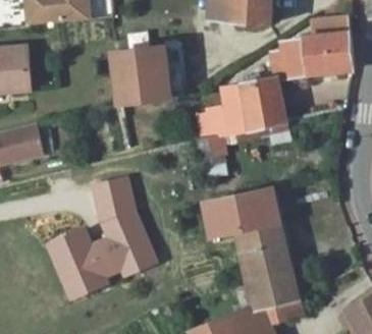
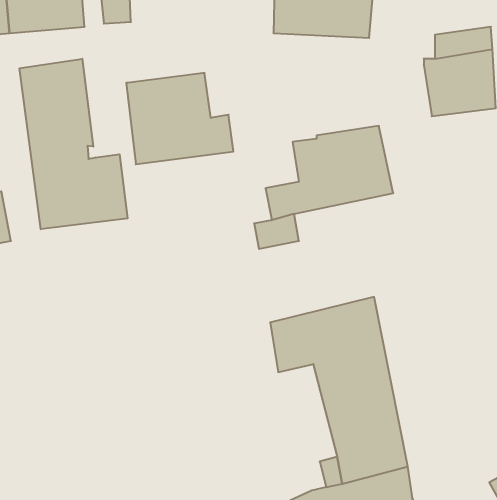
building: none -> [20,59,128,229]
building: [270,42,308,80] -> none
building: [54,176,169,303] -> none

